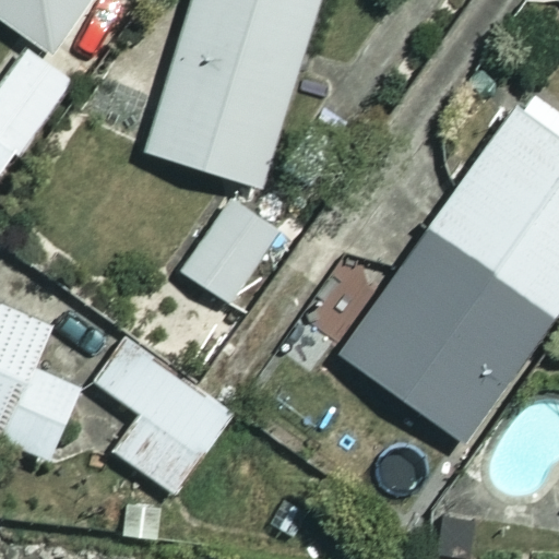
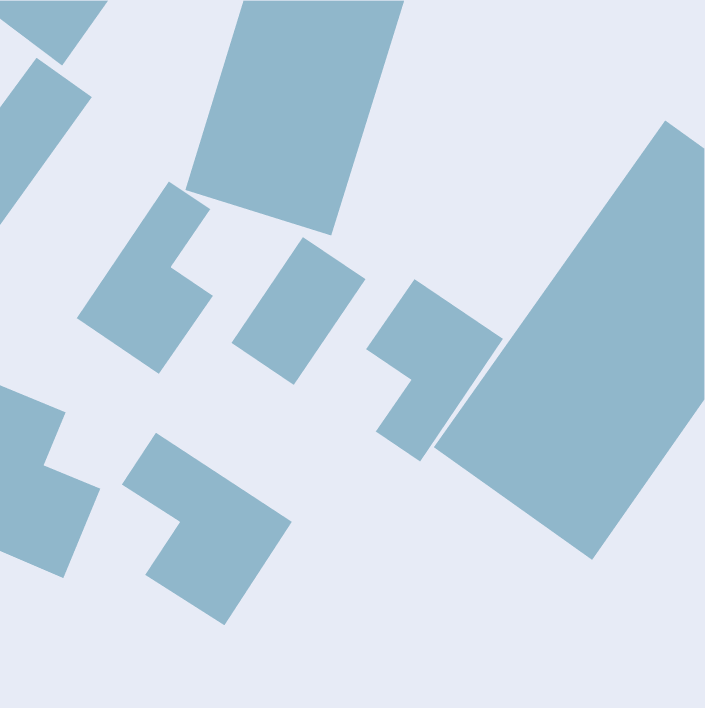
building: none -> [76,180,214,375]
building: none -> [365,278,504,463]

